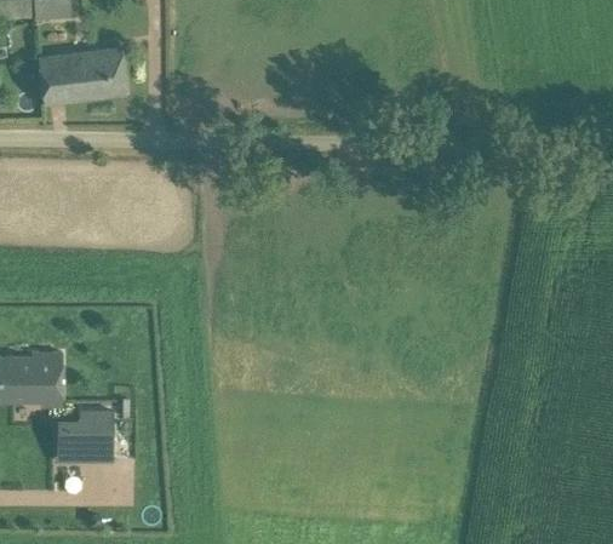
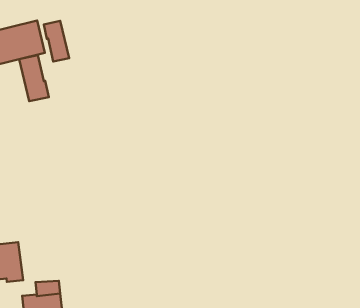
building: none -> [44,21,69,62]
building: none -> [19,55,49,101]

